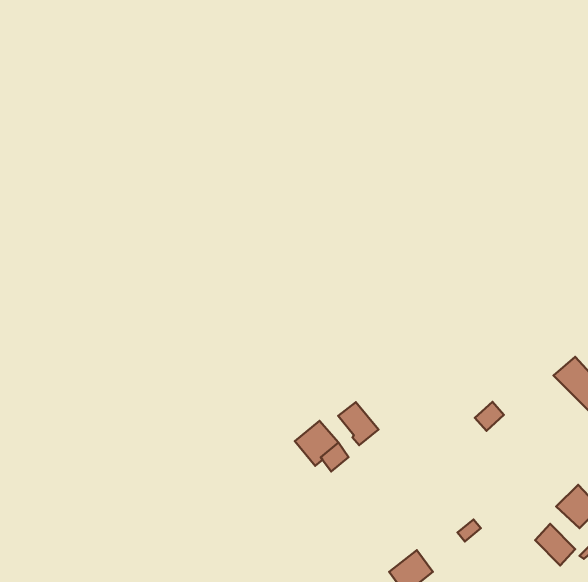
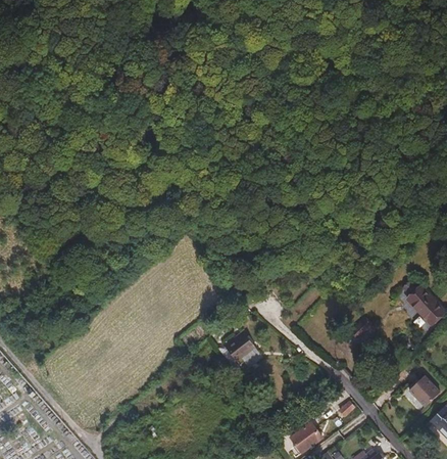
building: [338,402,378,445] -> none
building: [535,524,575,565] -> none

